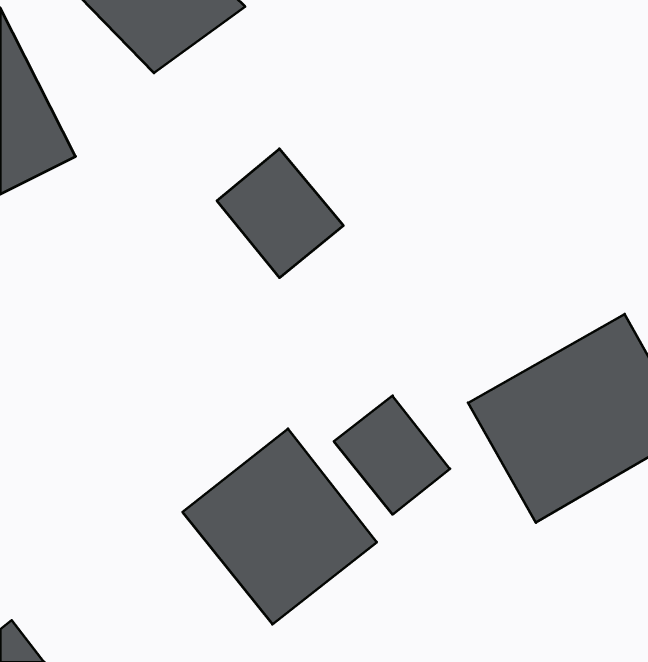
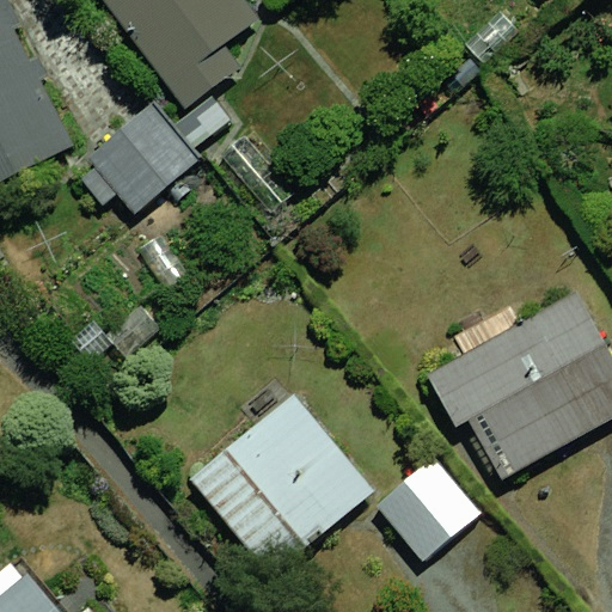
building: [217,149,343,278] -> [84,105,200,224]
building: [334,396,450,514] -> [362,455,469,564]

